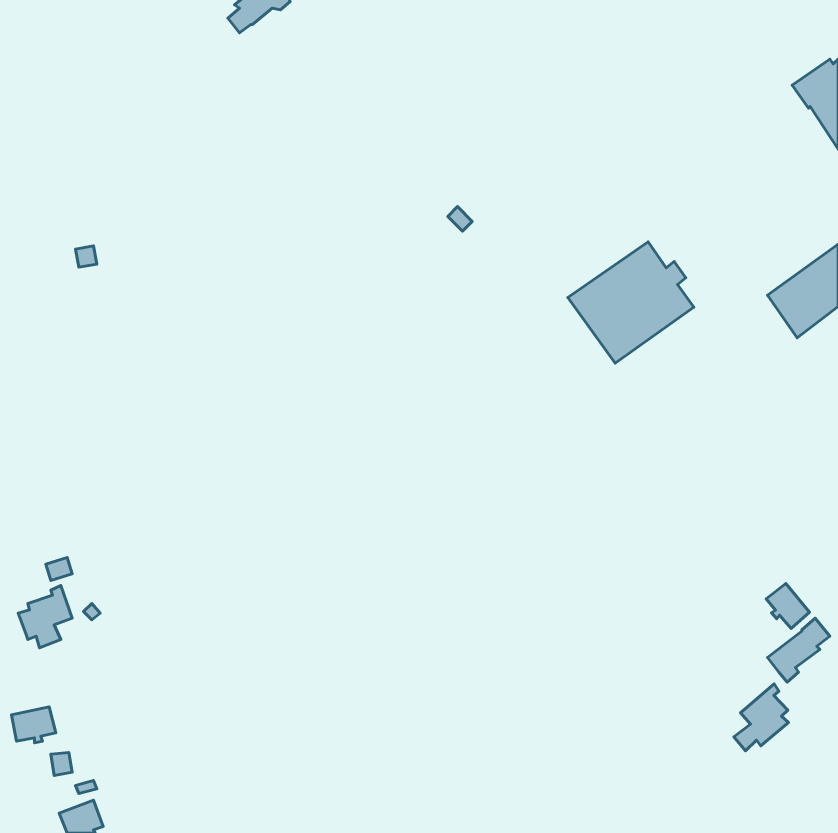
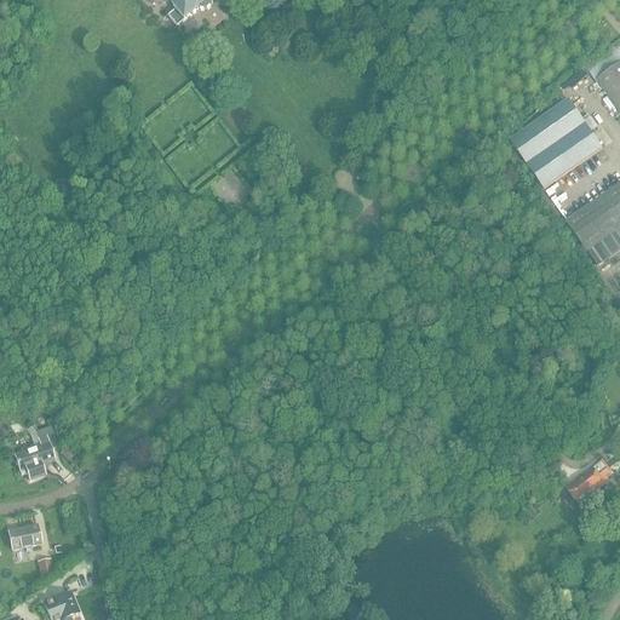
building: [568,242,694,363] -> [510,97,603,186]
building: [766,584,810,628] -> none
building: [734,684,789,751] -> none

